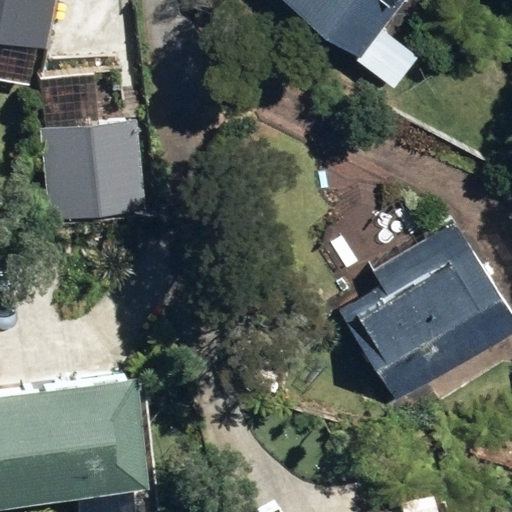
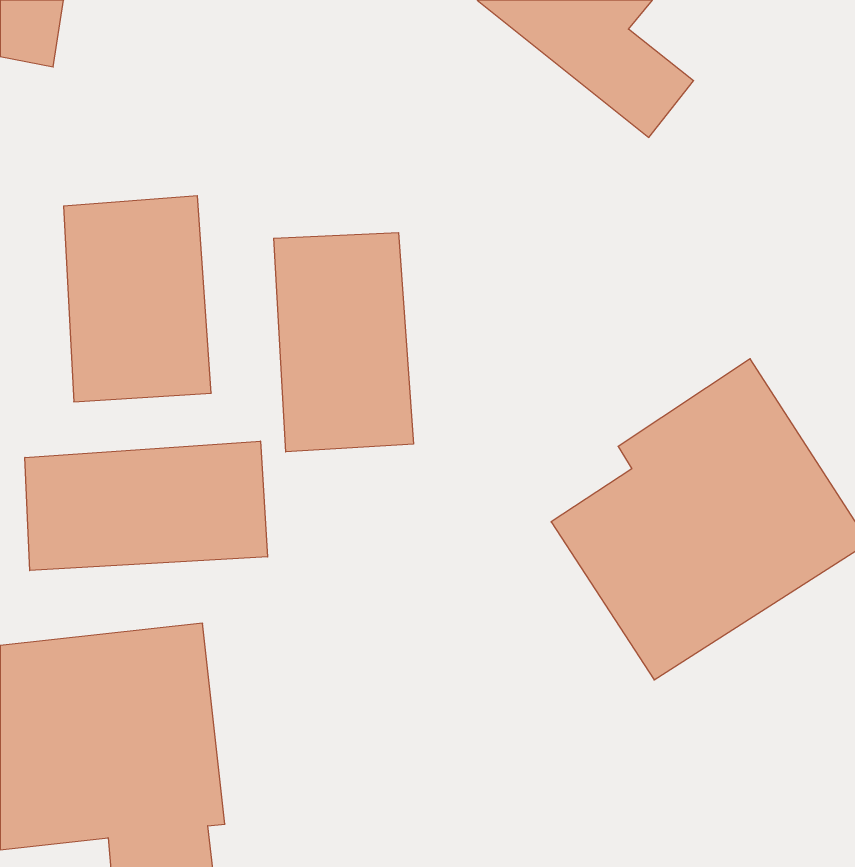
building: none -> [274,233,413,452]
building: none -> [25,441,268,571]

